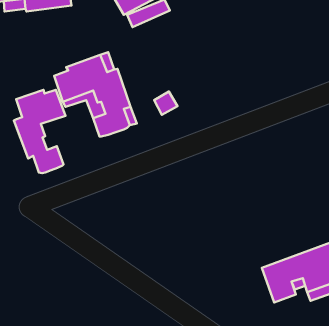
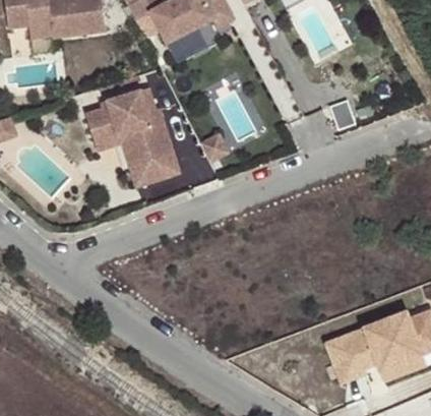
building: [14,90,65,173] -> none

